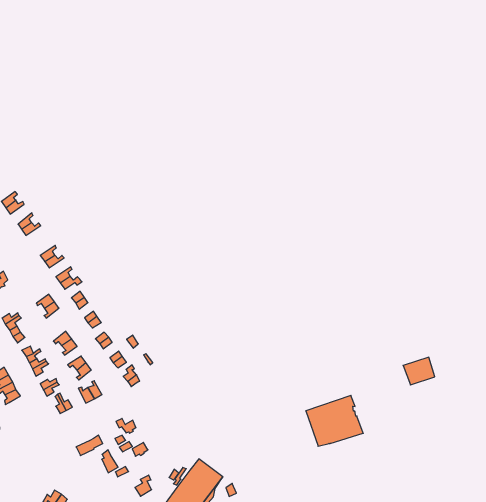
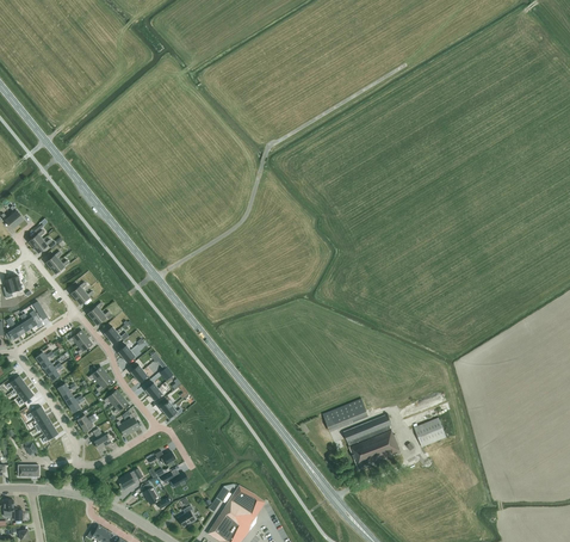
building: [403,357,435,385] -> [415,418,447,446]
building: none -> [324,399,370,431]

